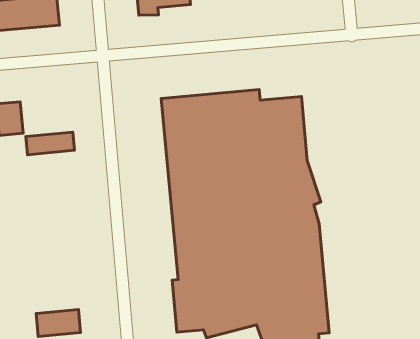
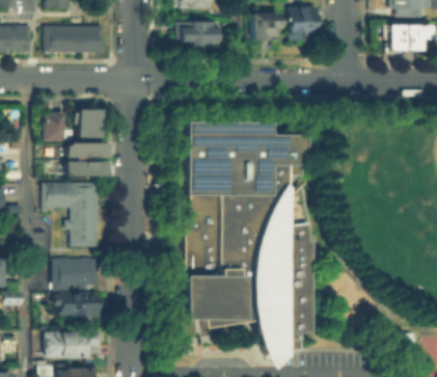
building: none -> [77,107,99,136]
building: none -> [66,163,107,178]
building: none -> [46,183,98,245]
building: none -> [54,260,98,288]

